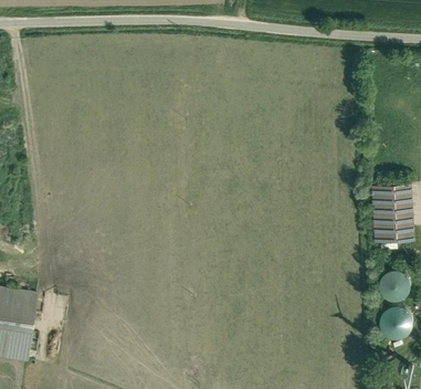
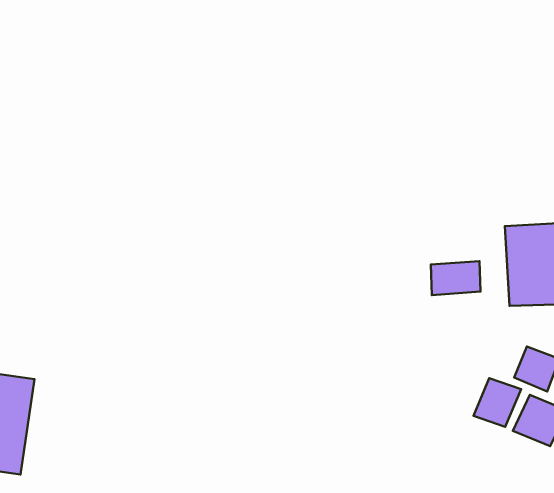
building: none -> [431,261,481,295]
building: none -> [473,378,521,427]

